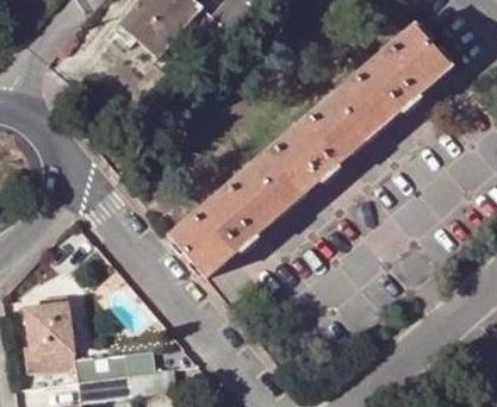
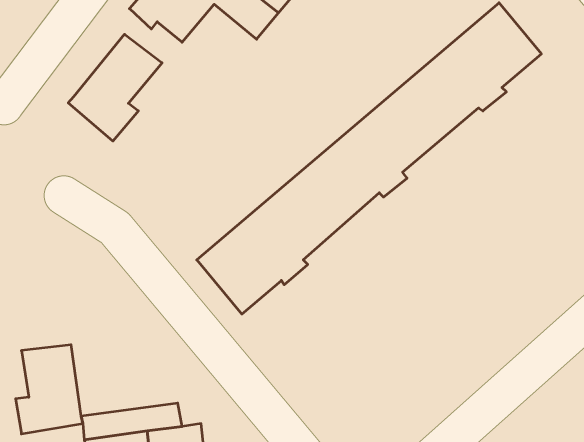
building: none -> [68,34,162,141]

